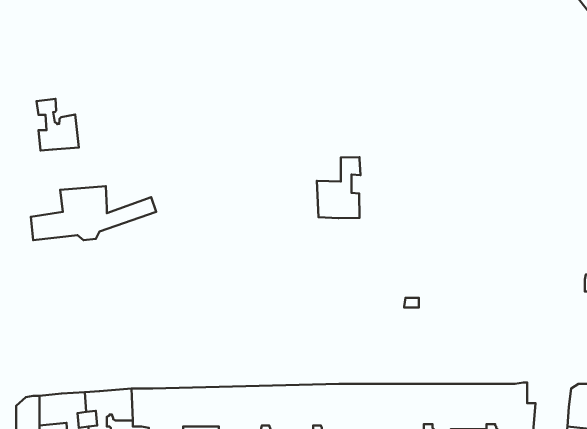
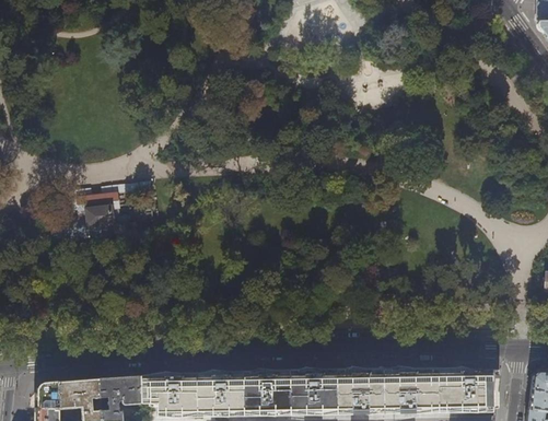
building: [36,99,79,150] -> none
building: [317,157,360,218] -> none

